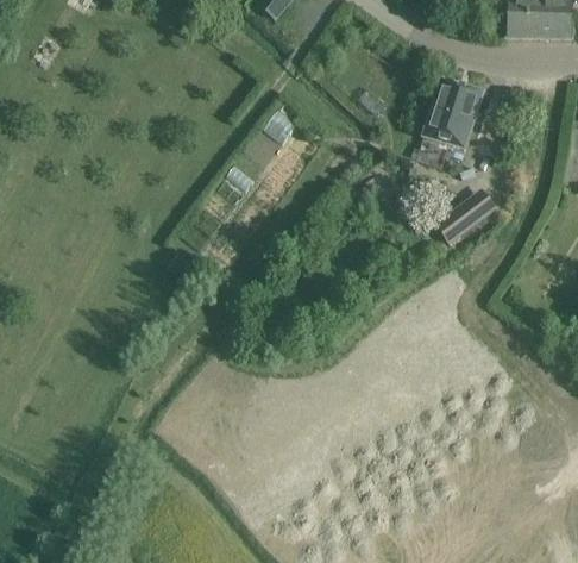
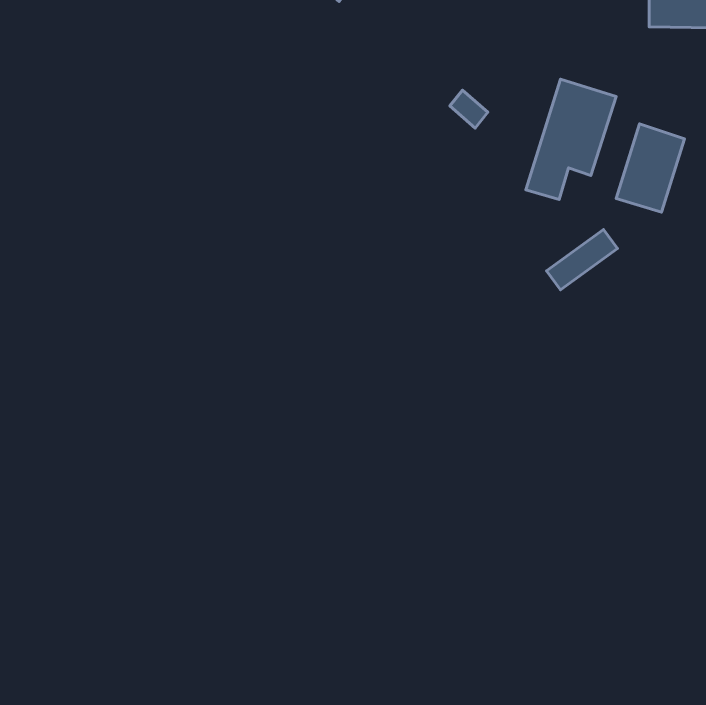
building: none -> [616,124,685,212]

